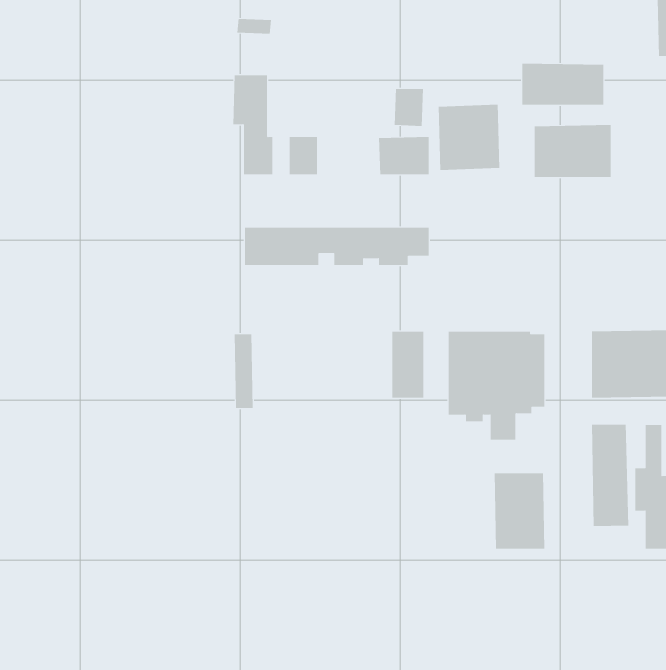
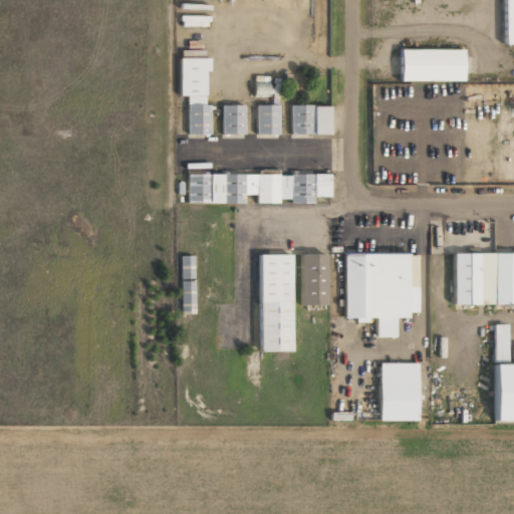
building: [394,88,424,127] -> [259,104,282,134]
building: [438,104,500,171] -> none
building: [534,124,611,178] -> none
building: none -> [261,254,293,350]
building: [591,424,629,527] -> none

